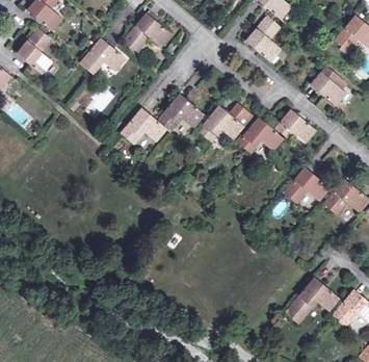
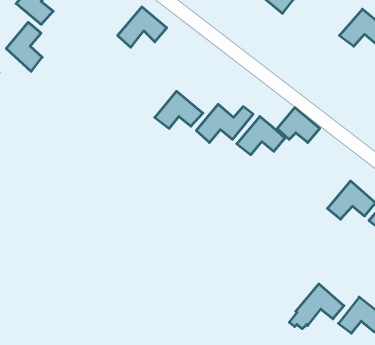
building: [245,17,281,62] -> none
building: [79,38,125,74] -> none
building: [310,66,344,105] -> none
building: [120,108,165,145] -> none
building: [283,167,328,204] -> none

